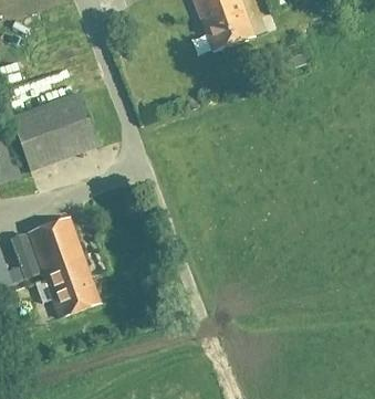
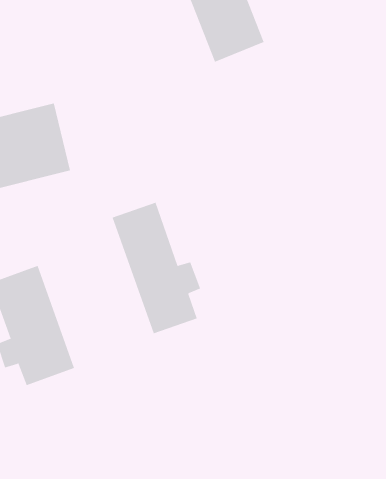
building: none -> [112,202,201,334]

